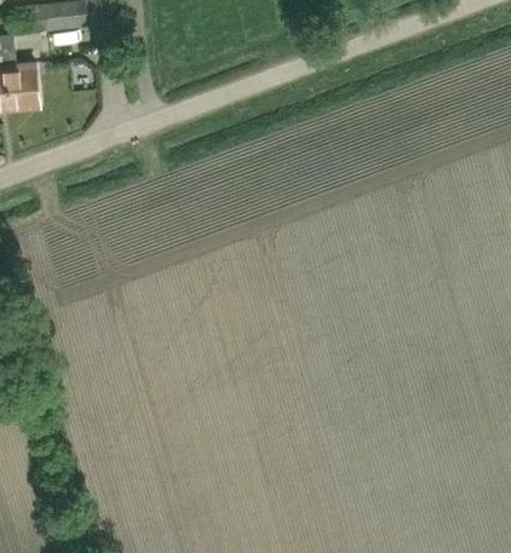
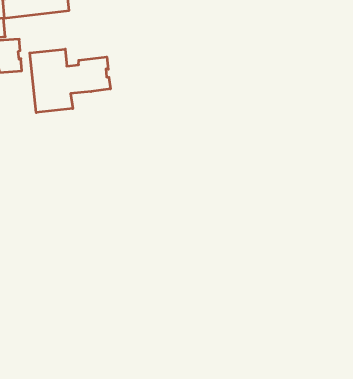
building: none -> [30,49,110,113]

